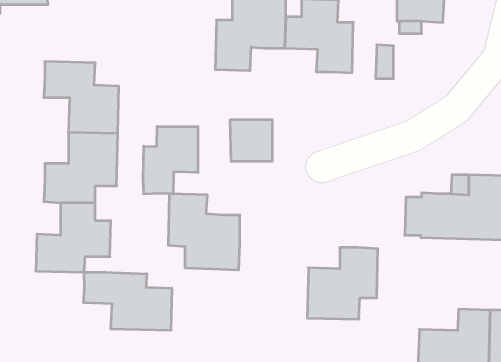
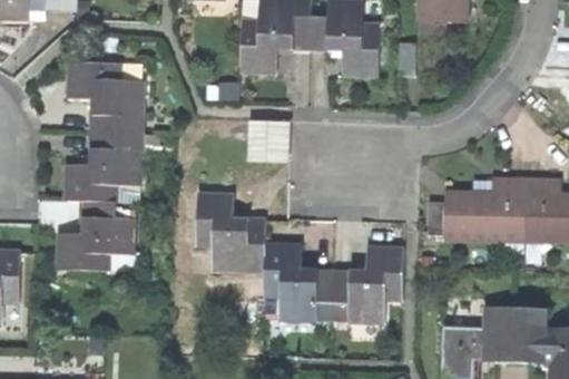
building: [143,126,198,194] -> none
building: none -> [263,244,333,318]
building: [84,272,172,330] -> none

